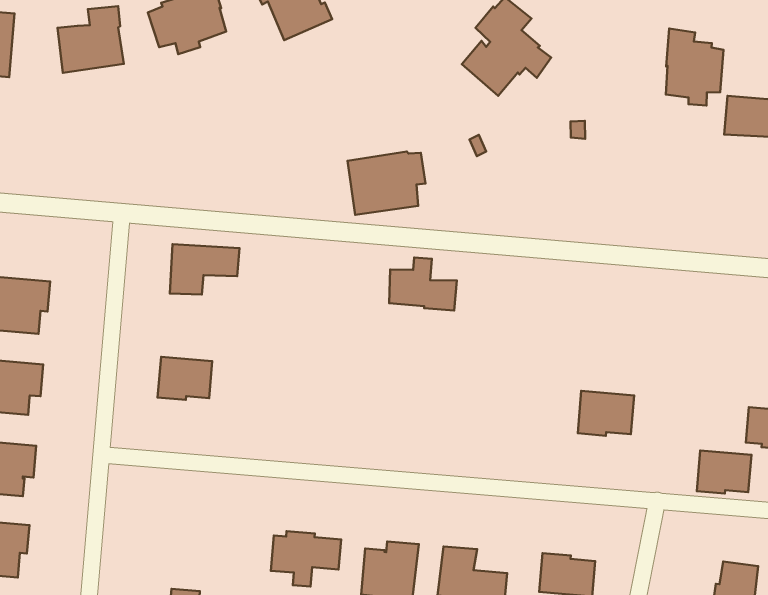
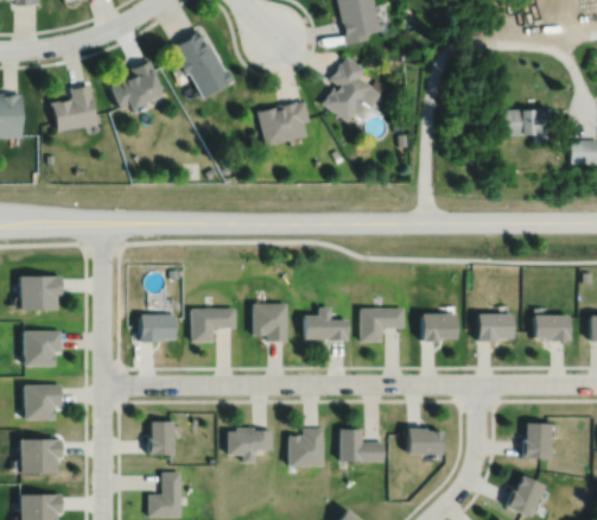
building: [666,29,724,106] -> none
building: [347,152,425,215] -> [259,102,312,147]
building: [170,244,240,295] -> [191,310,236,344]
building: [389,257,457,311] -> [304,309,349,342]
building: none -> [253,306,288,343]
building: none -> [361,310,406,343]
building: [697,451,751,494] -> [479,316,514,343]
building: none -> [146,419,172,455]

